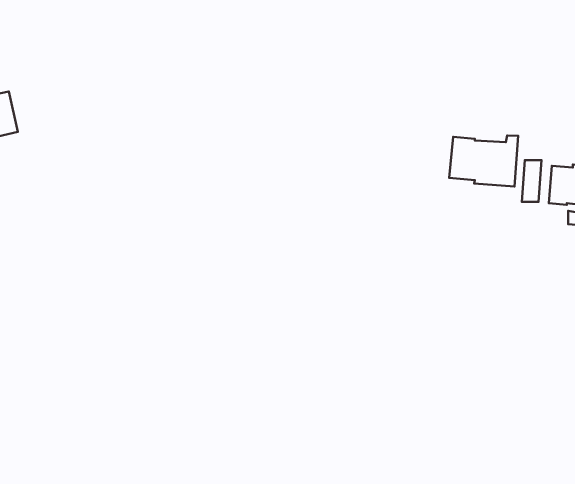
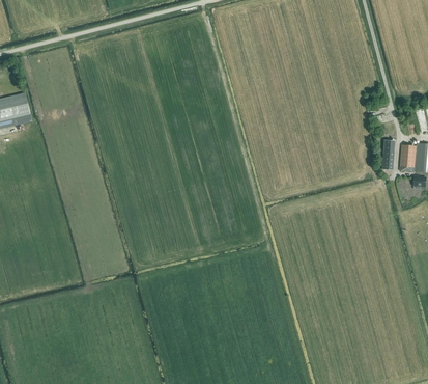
building: [449,136,518,187] -> none

